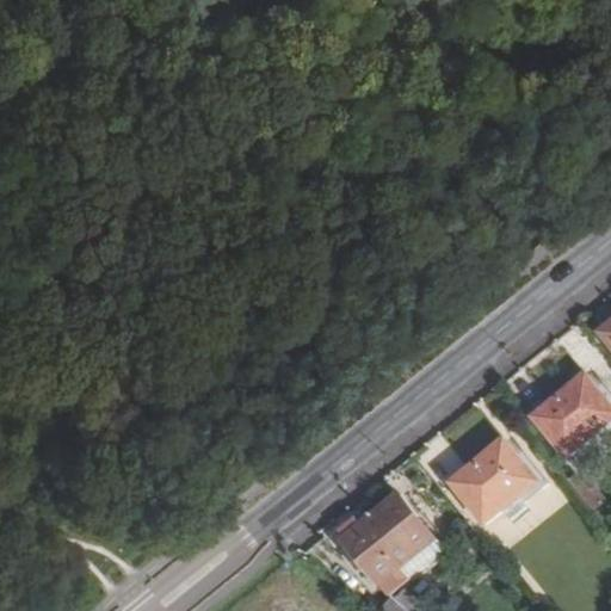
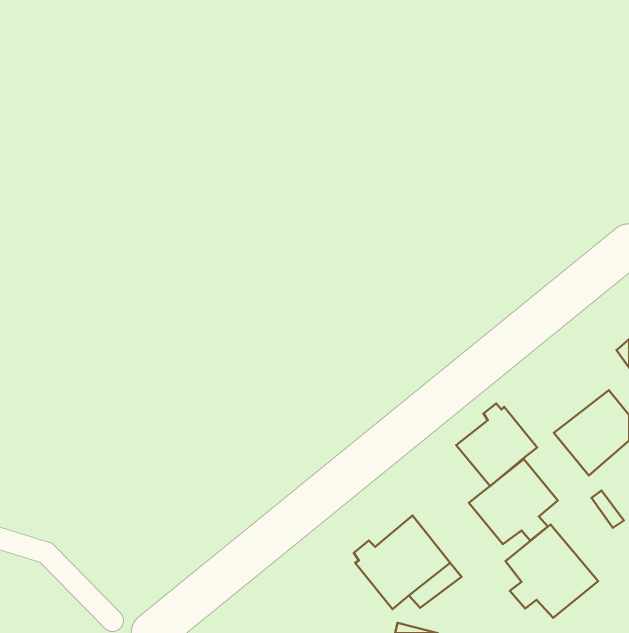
building: none -> [456,404,537,486]
building: none -> [505,525,598,618]

